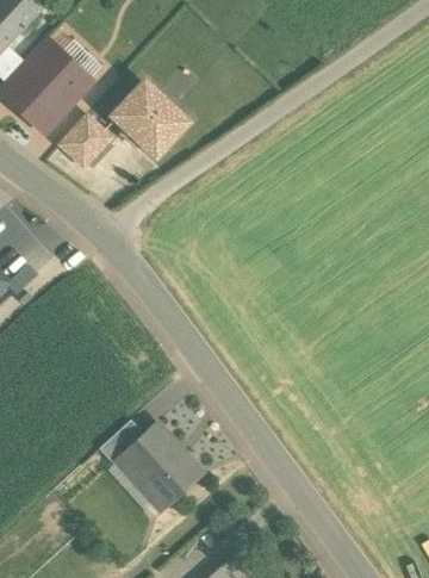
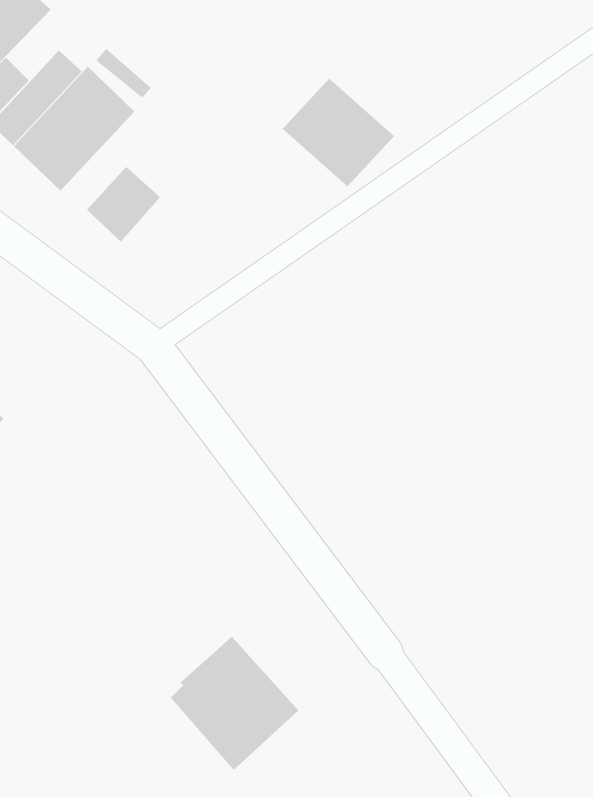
building: [114,83,188,155] -> [282,78,395,187]
building: [99,419,145,466] -> none

